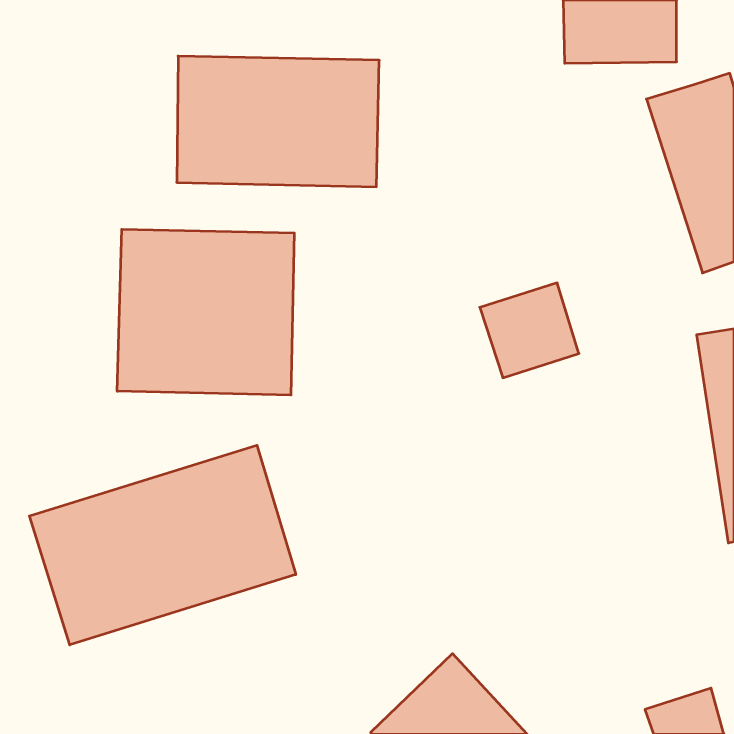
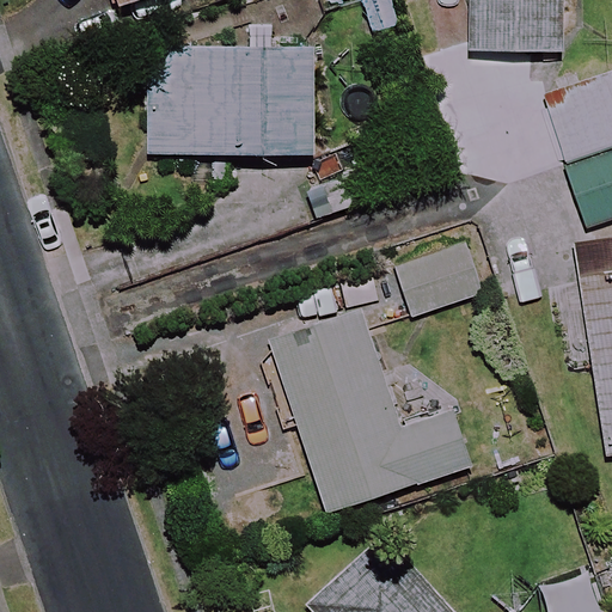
building: [117,229,294,395] -> none
building: none -> [273,314,467,512]
building: [29,445,296,645] -> none

